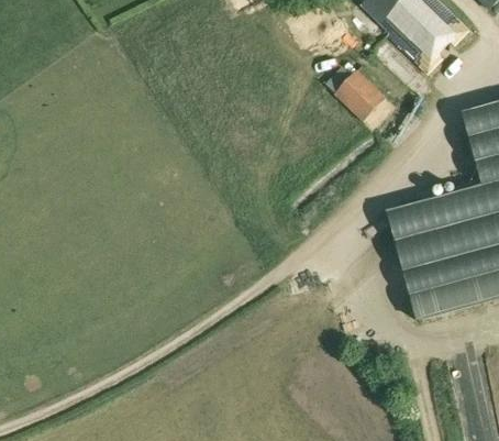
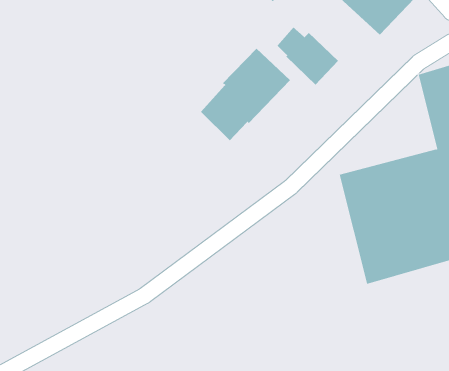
building: none -> [200,48,291,141]

